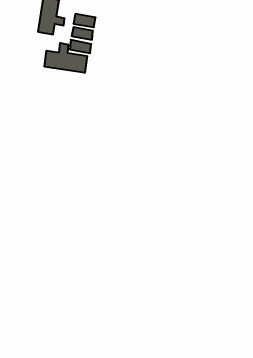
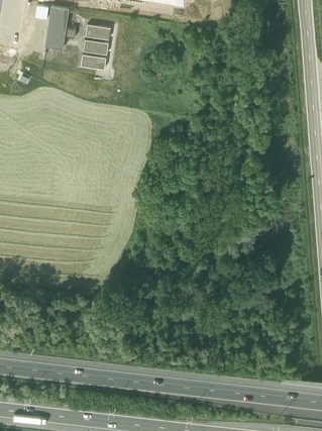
building: [45,43,87,73] -> none

